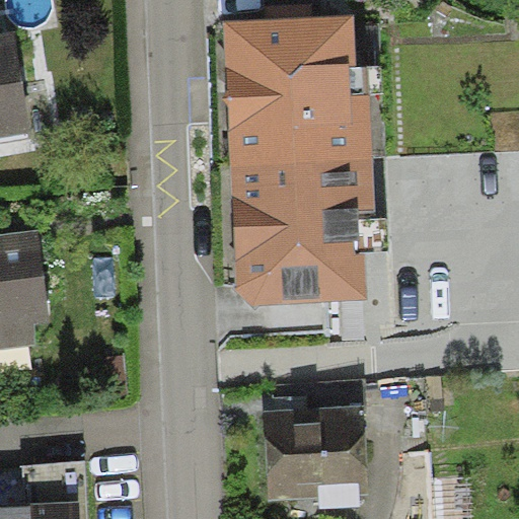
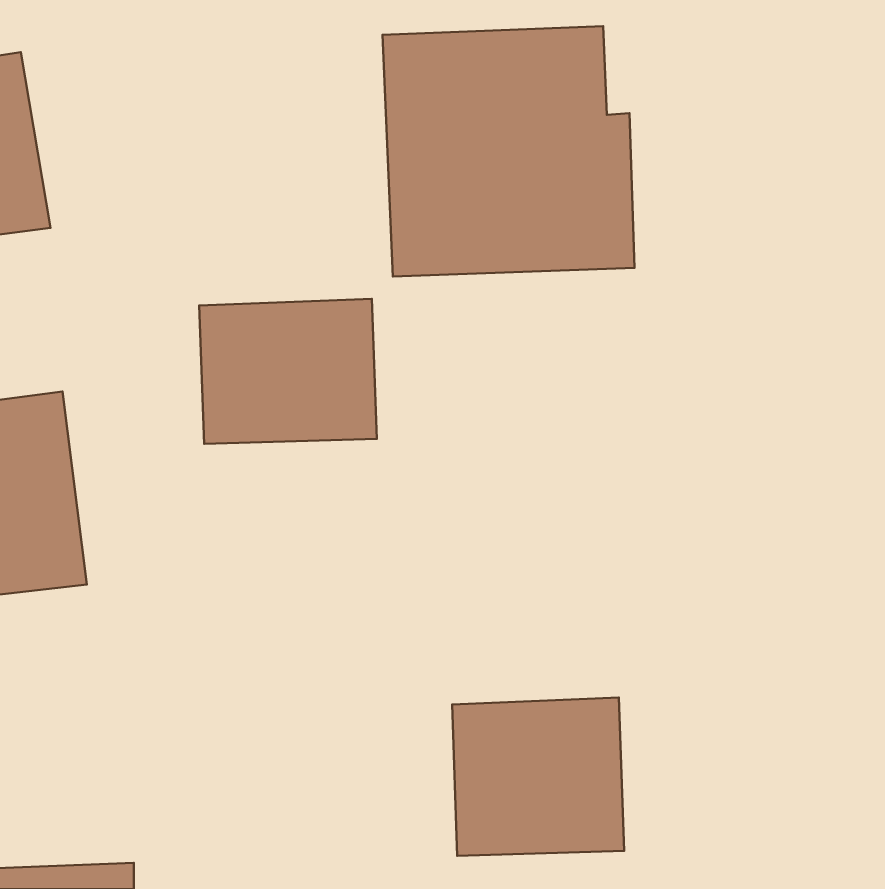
building: [229,156,374,309] -> none
building: none -> [199,299,377,444]

